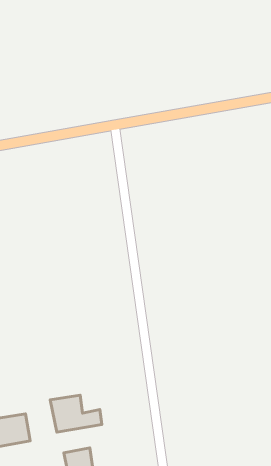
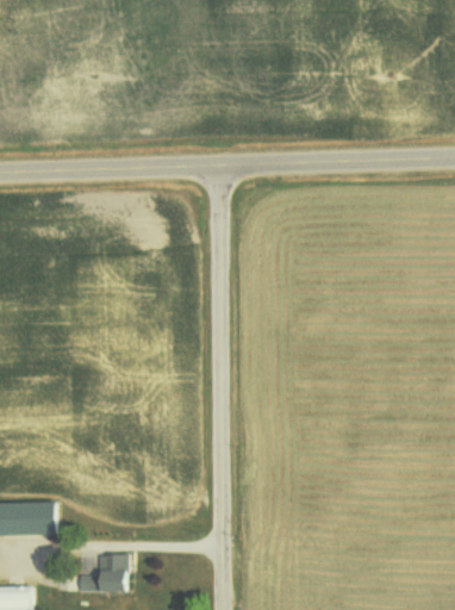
building: [50,395,102,432] -> none

